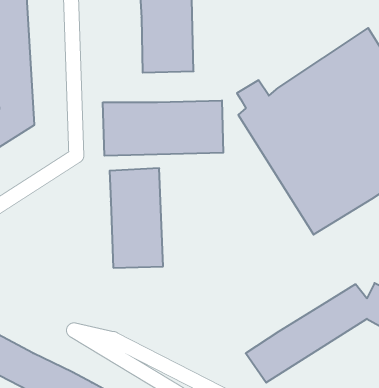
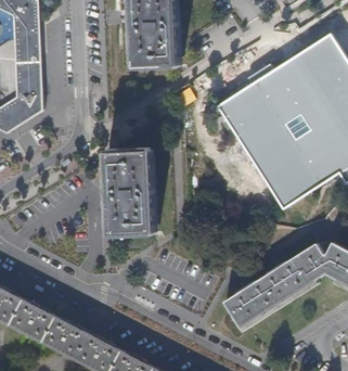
building: [103,100,223,156] -> none

